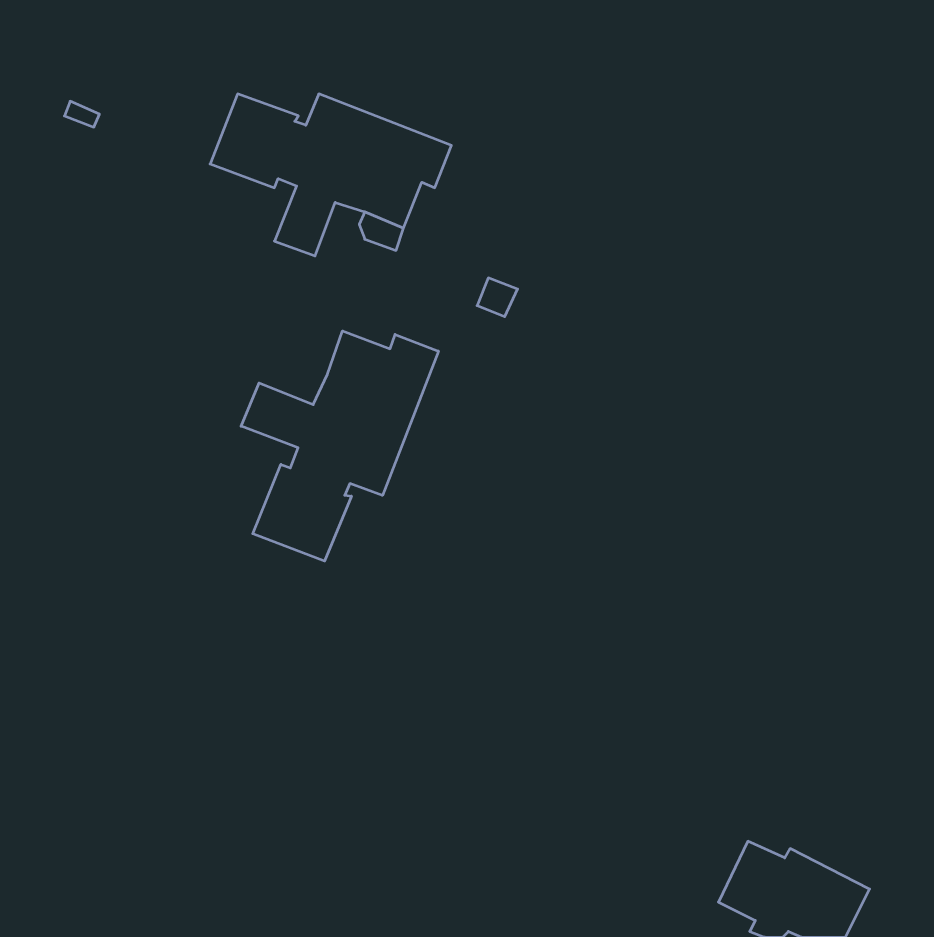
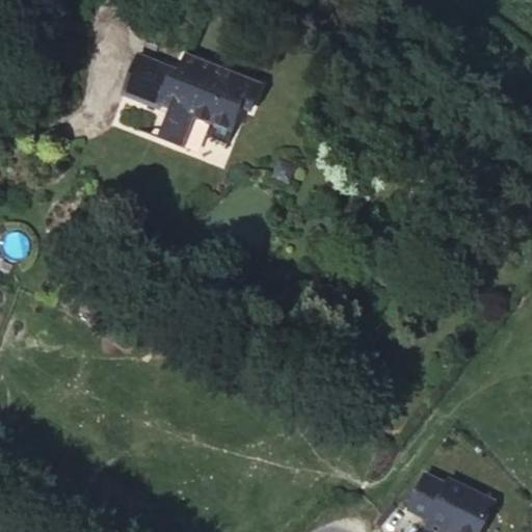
building: [241,331,438,561] -> none

